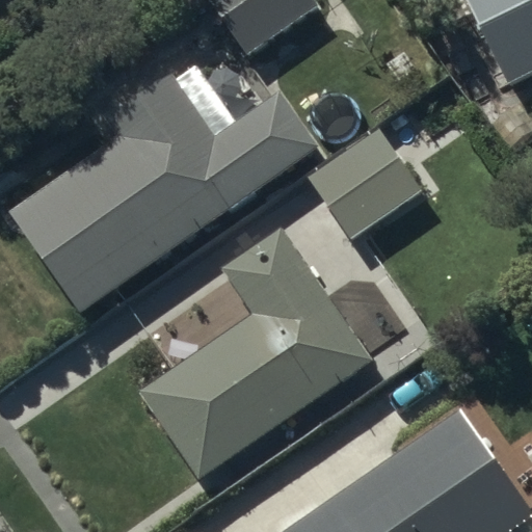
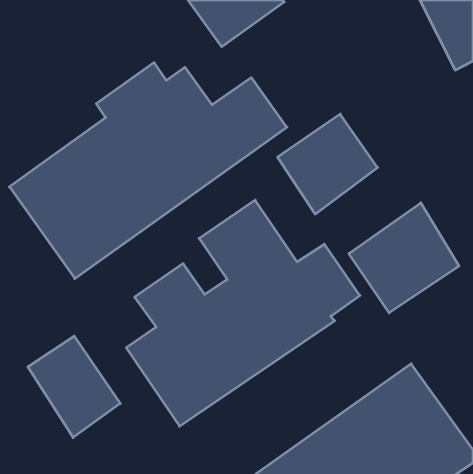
building: none -> [349,203,459,313]
building: none -> [28,336,120,438]

